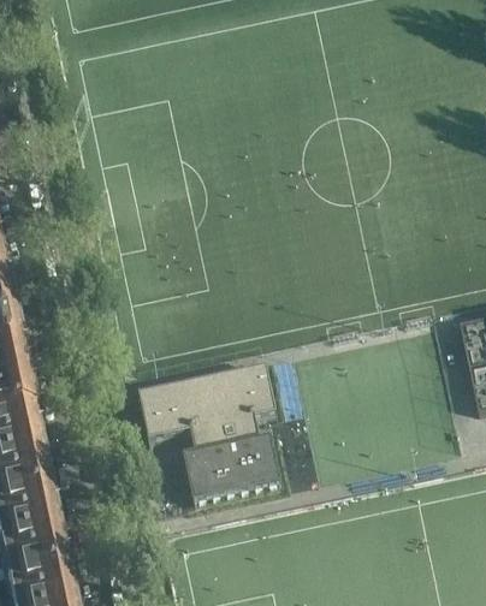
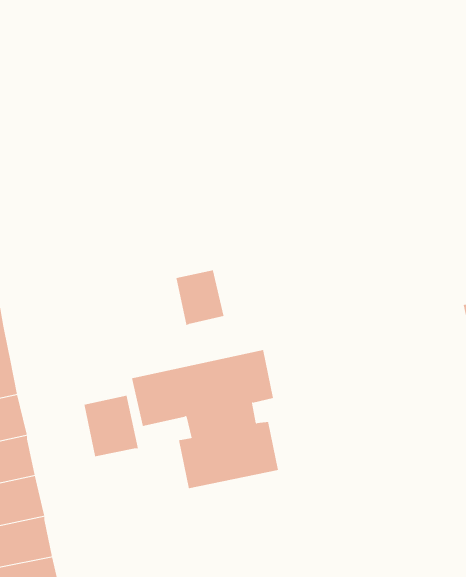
building: none -> [176,270,224,326]
building: none -> [84,395,138,457]

